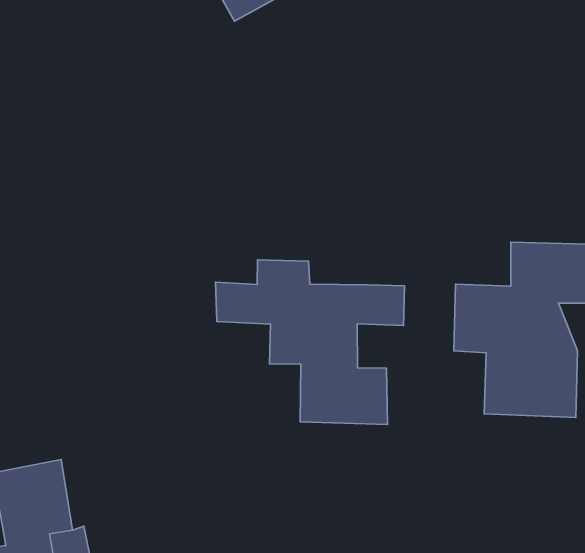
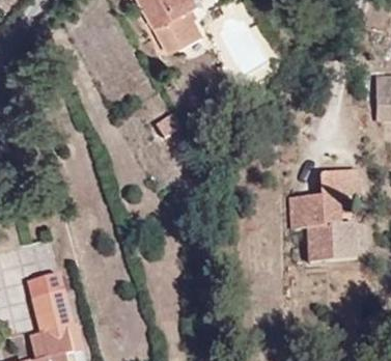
building: [215,260,404,424] -> none

